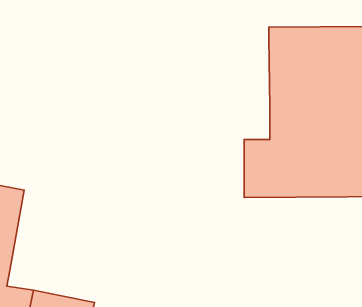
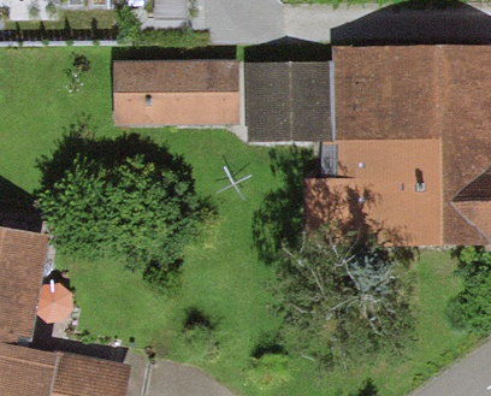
building: none -> [116,59,237,124]
building: none -> [246,59,335,141]

